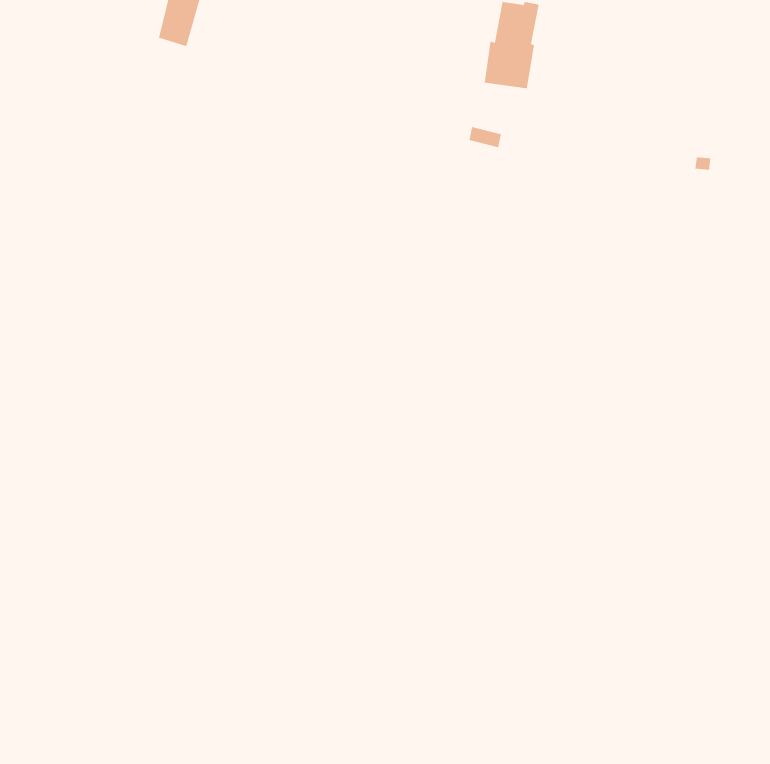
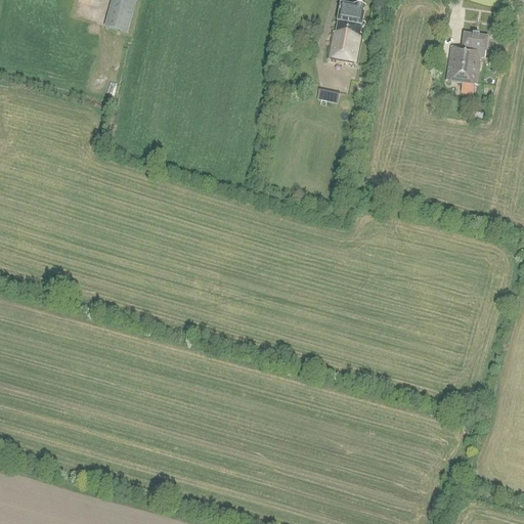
building: none -> [445,31,487,82]

